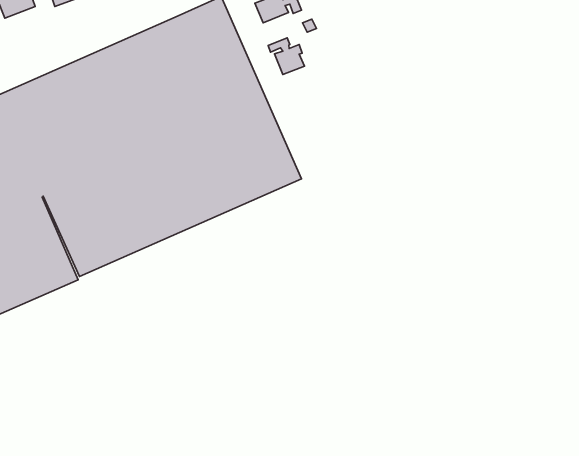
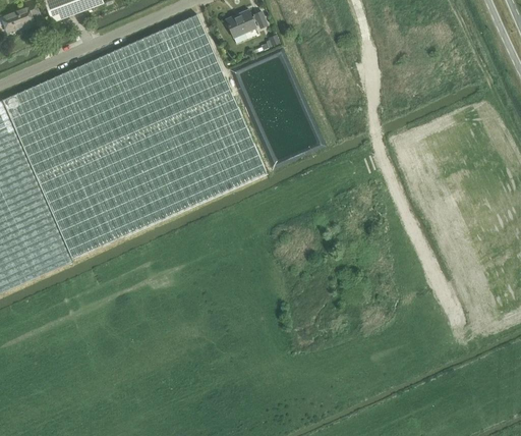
building: [268,38,304,75] -> none

